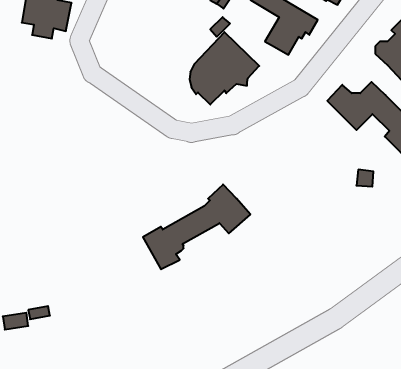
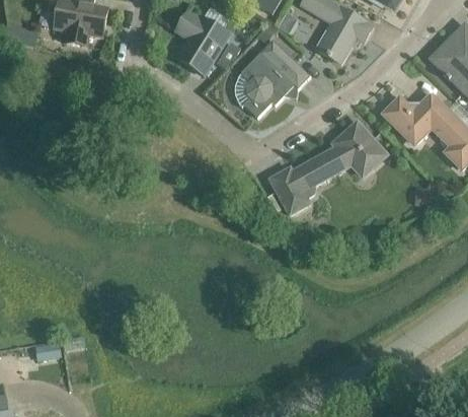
building: none -> [174,10,229,75]
building: [143,184,250,269] -> [269,122,385,213]

